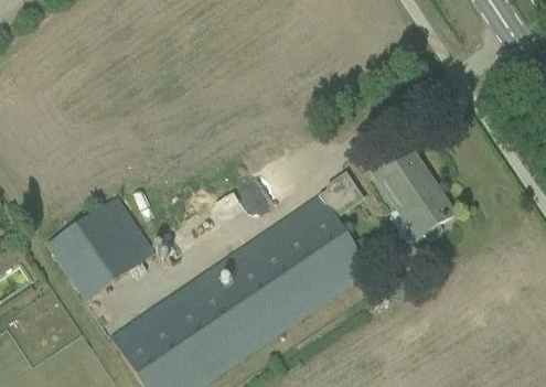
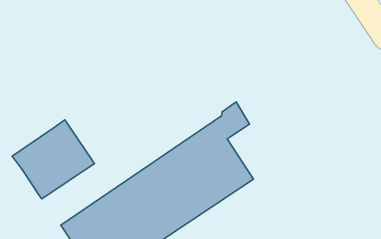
building: [367,146,454,243] -> none

